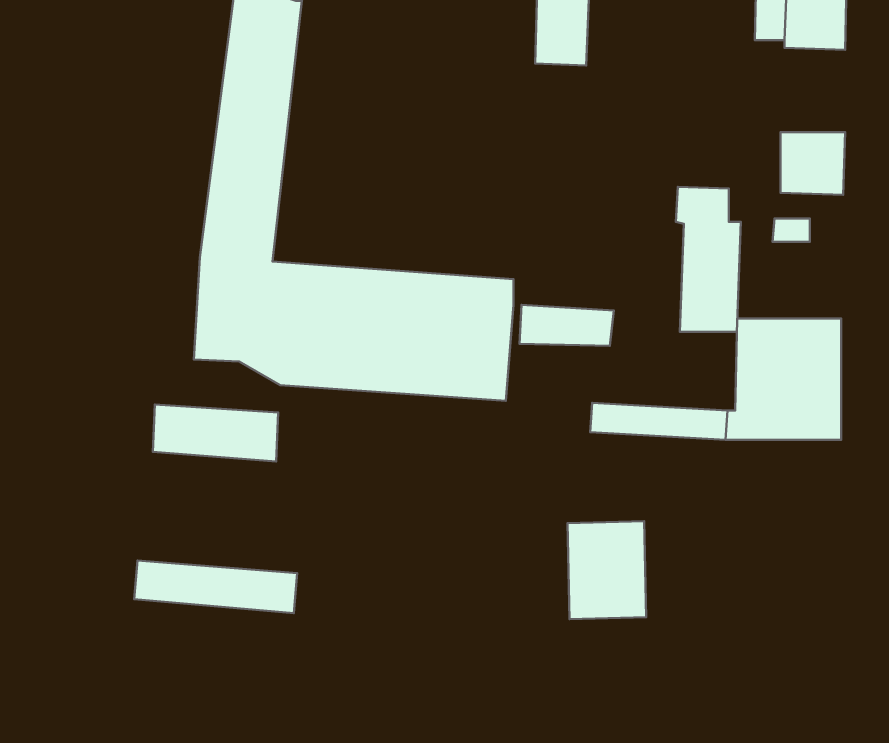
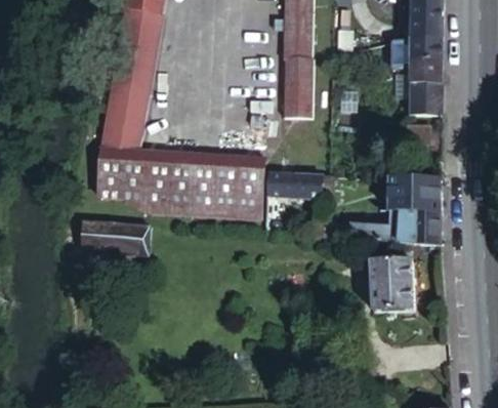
building: none -> [410,36,444,80]
building: [676,187,741,332] -> [281,44,315,120]
building: [568,521,646,619] -> [371,256,412,308]
building: [134,560,297,613] -> none

